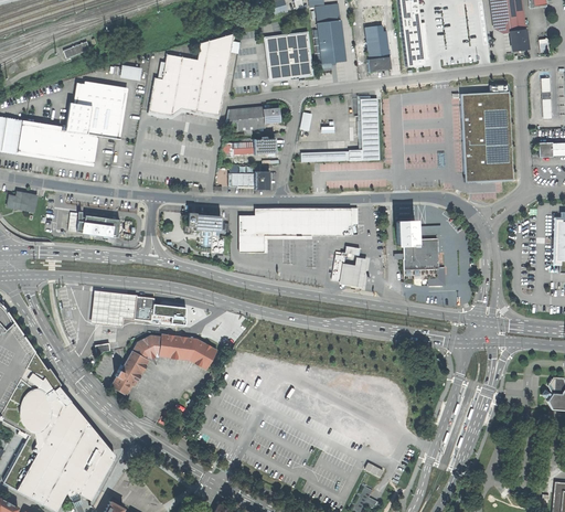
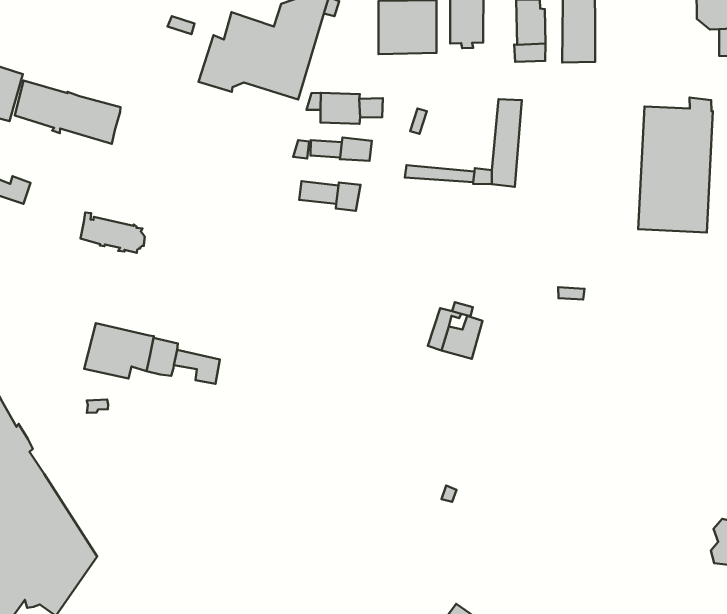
building: [65,85,125,139] -> none
building: [239,209,351,252] -> none
building: [185,213,221,233] -> none
building: [396,221,439,285] -> none
building: [110,333,217,395] -> none

